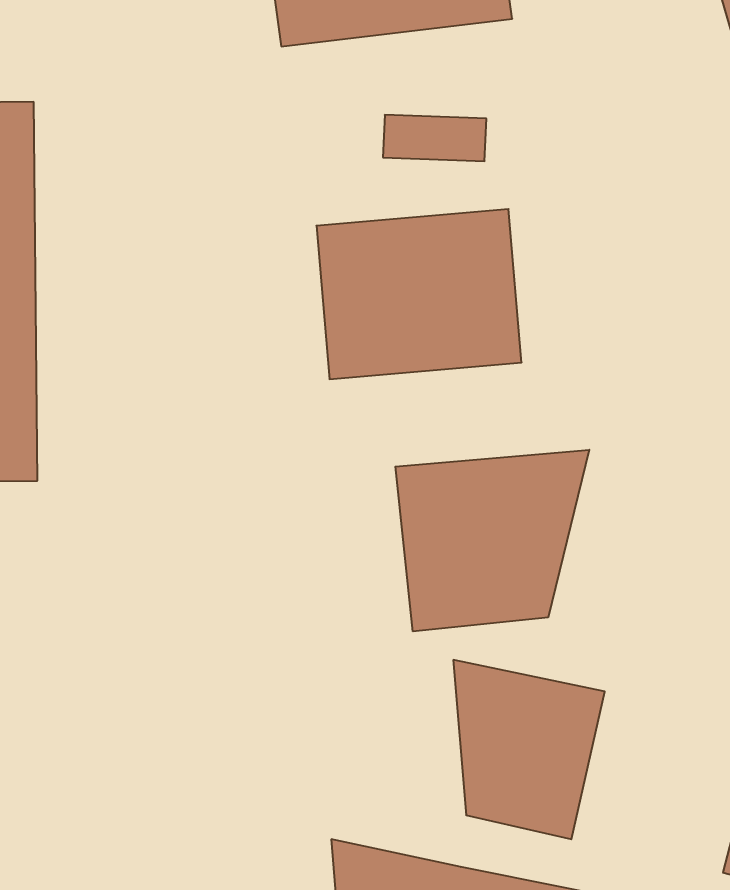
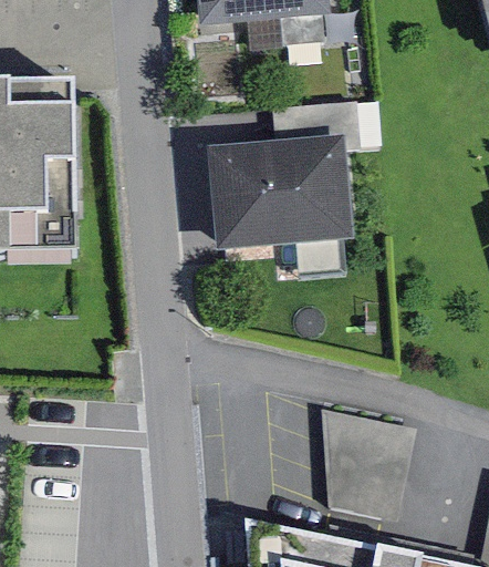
building: [395,450,589,631] -> none

